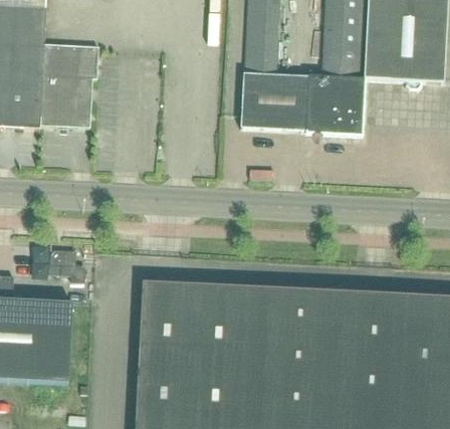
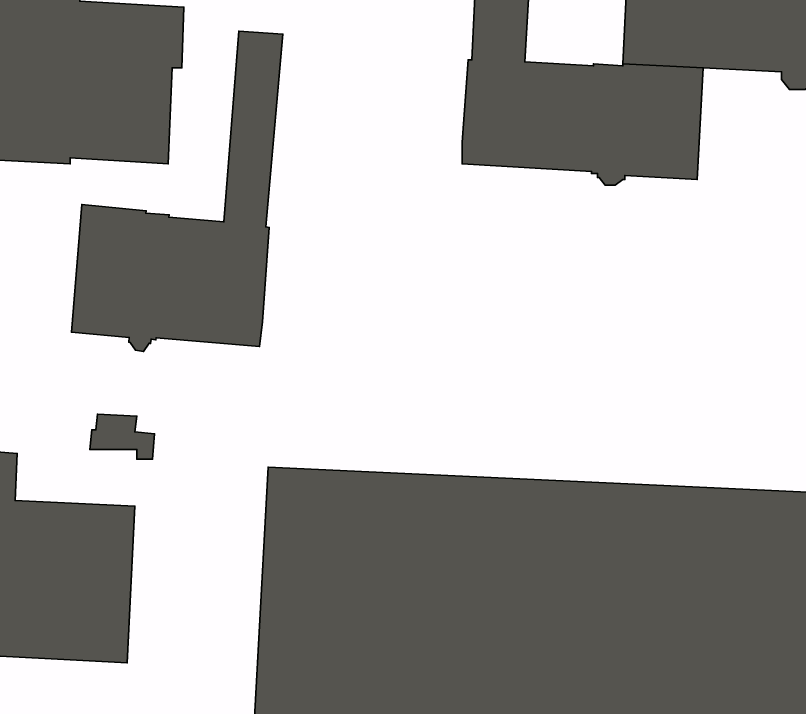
building: none -> [71,31,283,351]

